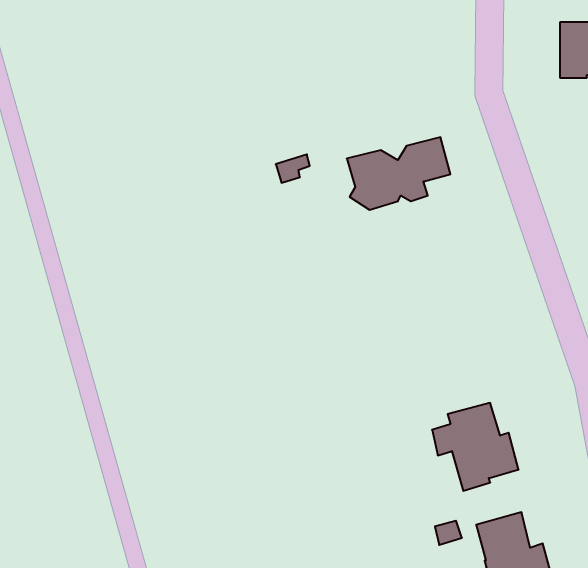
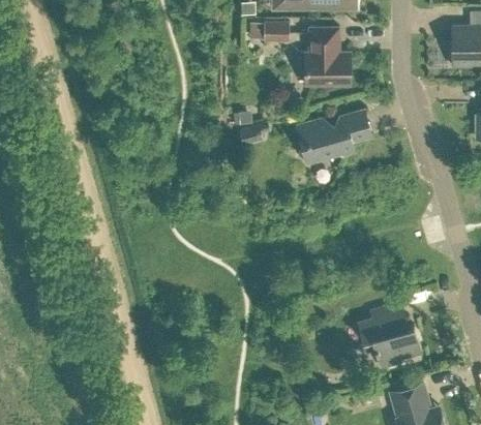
building: none -> [251,22,289,38]
building: none -> [300,27,350,85]

